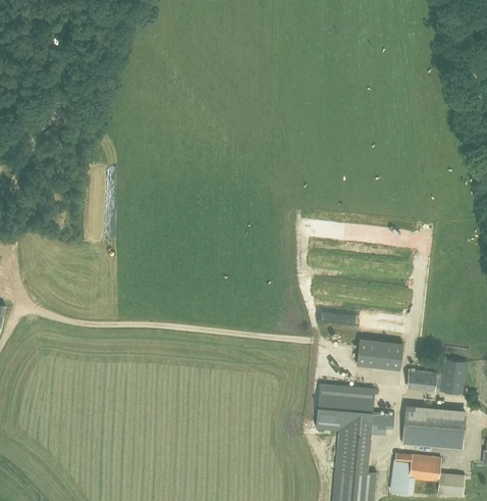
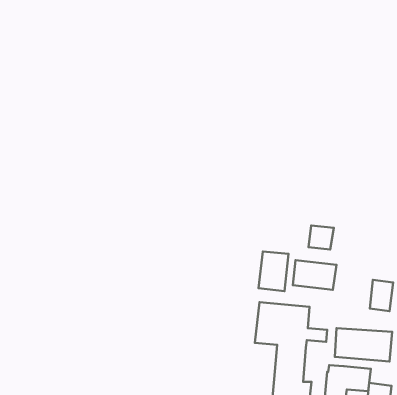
building: none -> [309,225,334,249]
building: none -> [259,252,289,291]
building: [405,368,436,392] -> none

